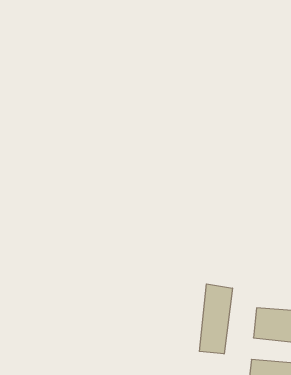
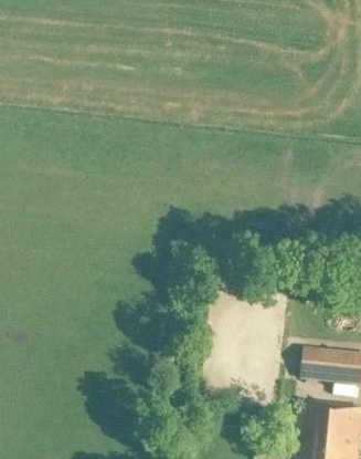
building: [199,284,232,354] -> none

